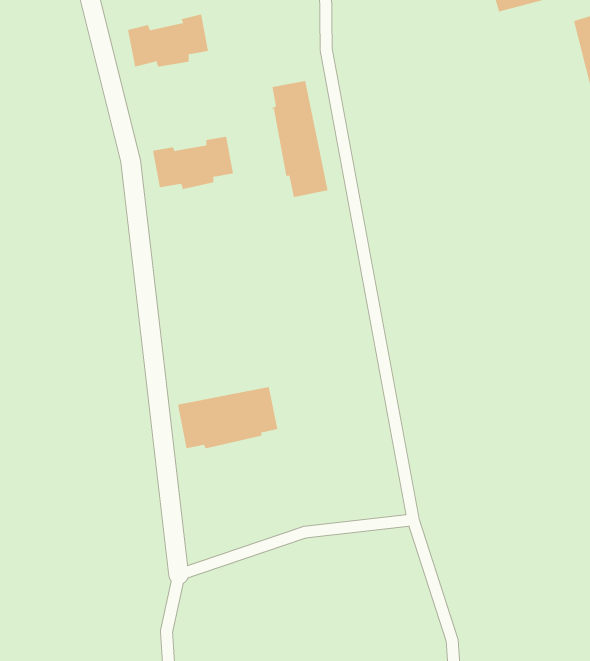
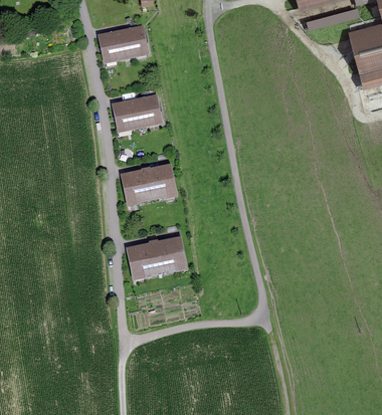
building: [271,80,328,198] -> none
building: none -> [123,166,175,202]

